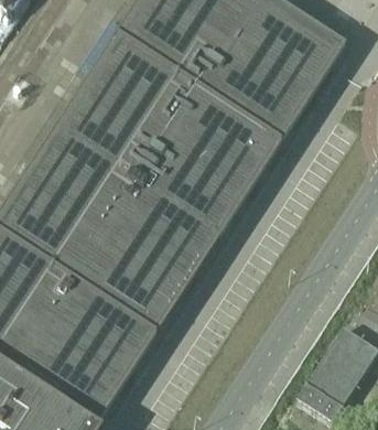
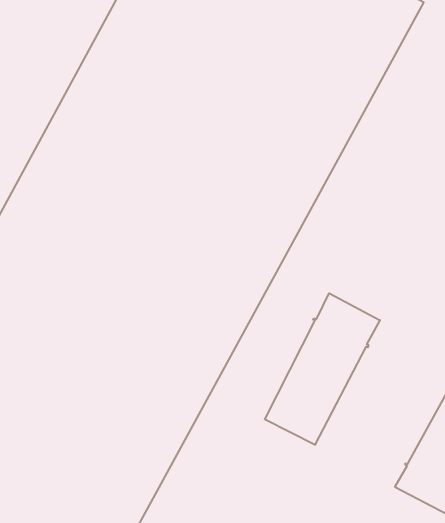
building: none -> [265,293,380,445]

